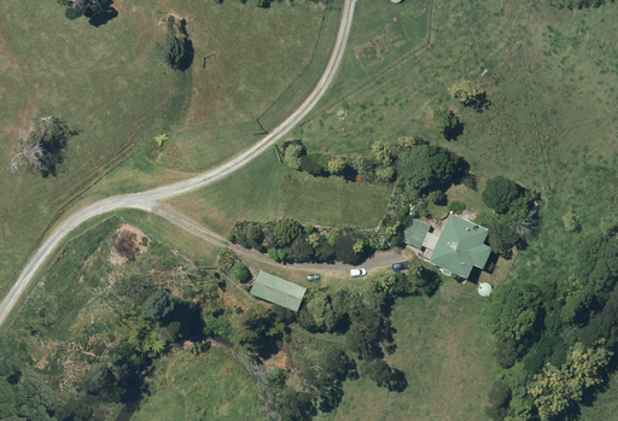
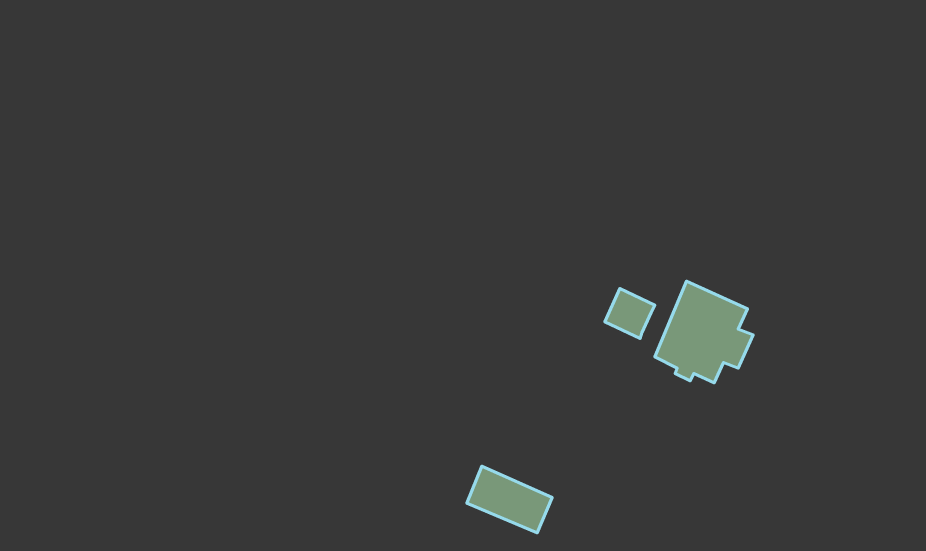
building: [251,269,307,312] -> [467,466,552,533]

